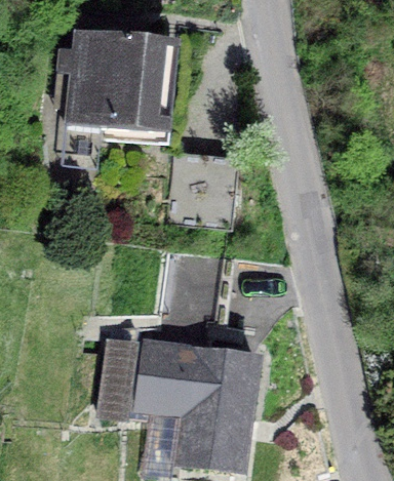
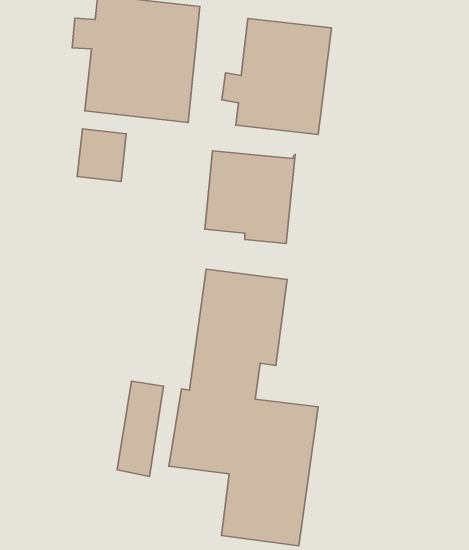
building: none -> [222,19,331,134]

